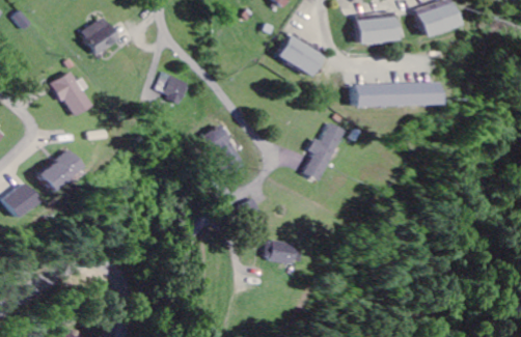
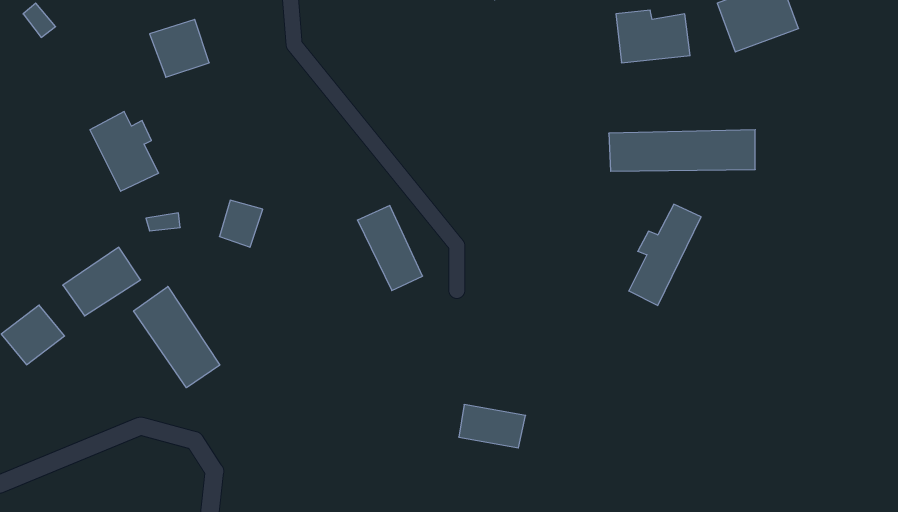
building: [279,37,325,77] -> none
building: [167,77,192,104] -> [219,200,263,247]
building: [303,123,345,181] -> [629,204,701,305]
building: none -> [134,286,220,388]

